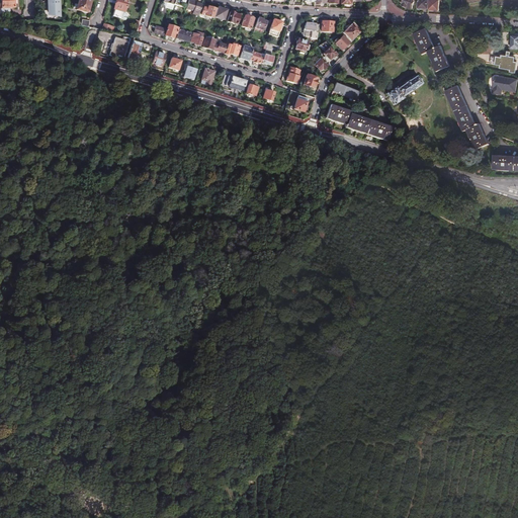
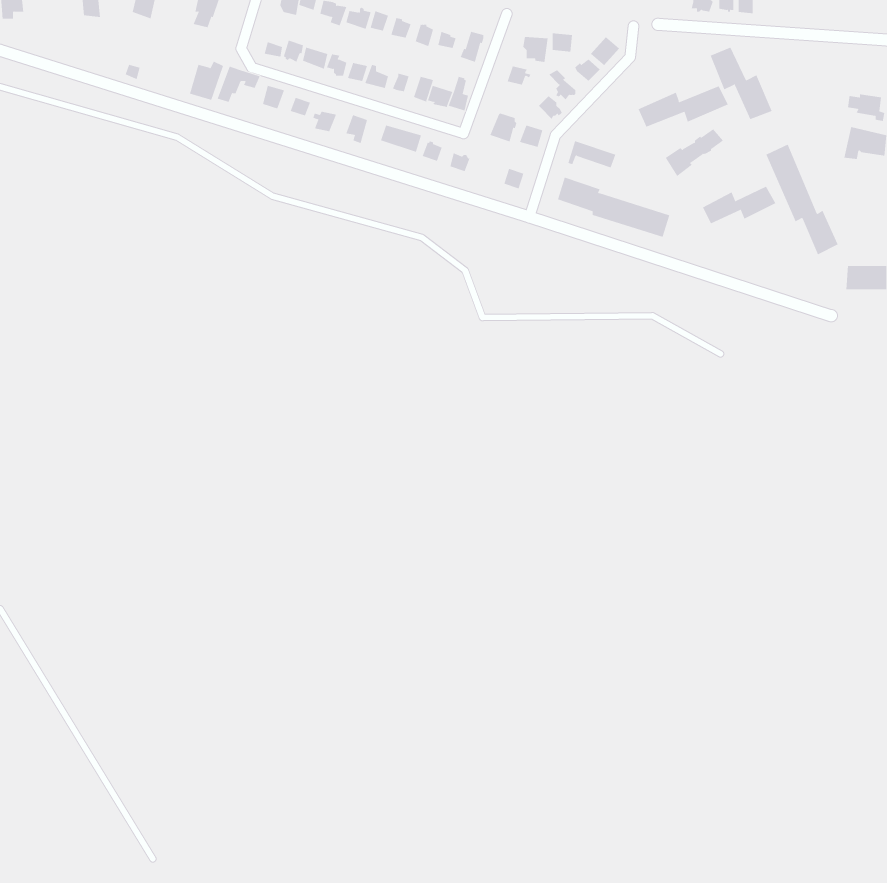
building: none -> [638,85,728,128]
building: none -> [702,186,776,224]

